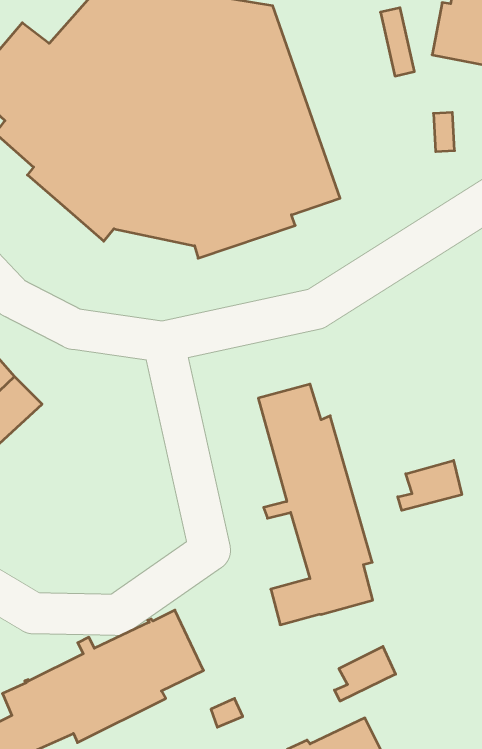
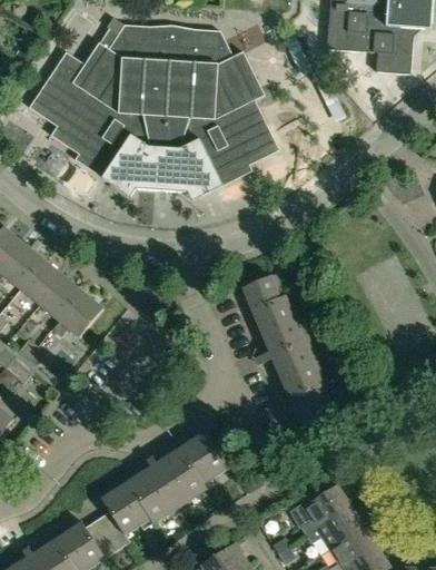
building: [398,460,462,510] -> none
building: [334,646,396,701] -> none

